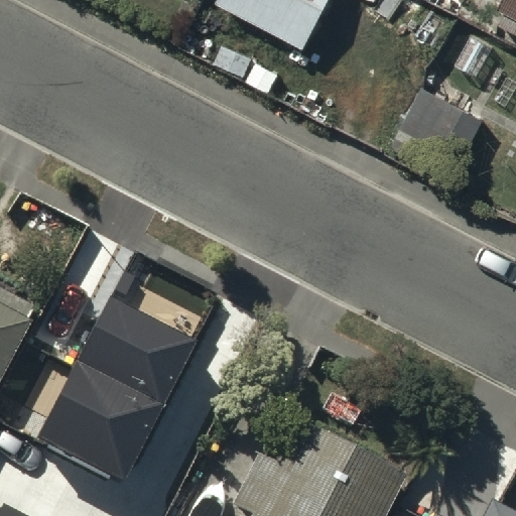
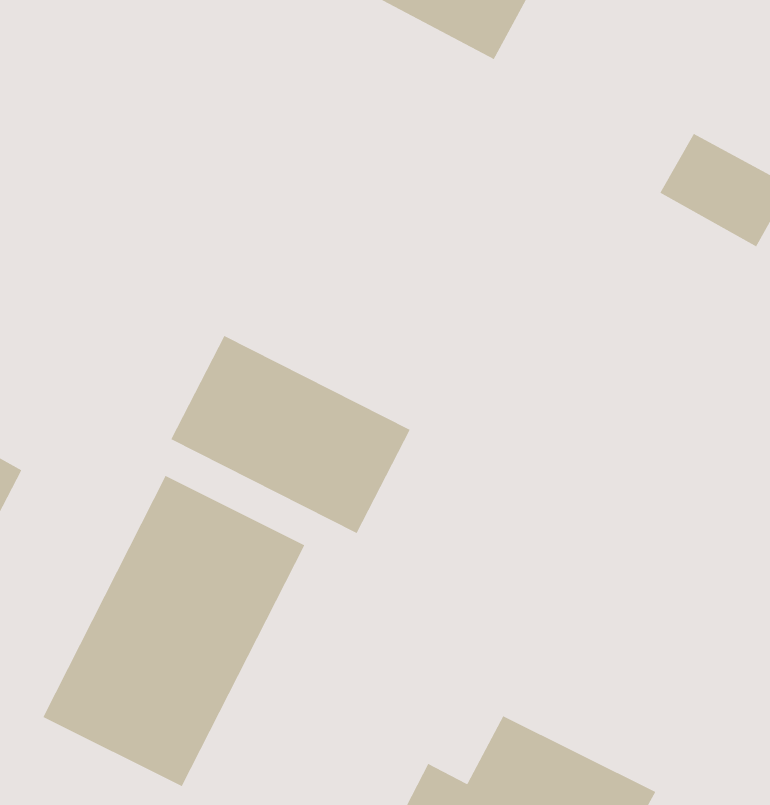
building: none -> [170,335,410,534]

